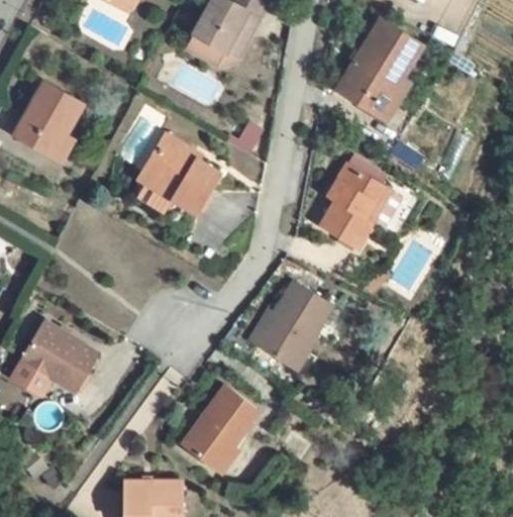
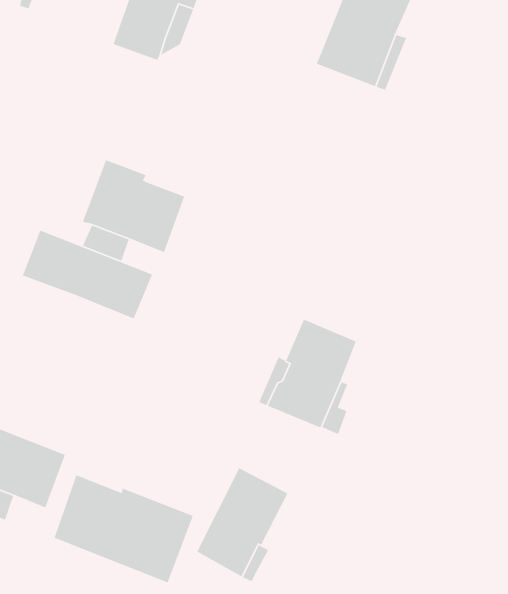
building: [320,163,402,246] -> none
building: none -> [22,230,153,319]
building: none -> [54,474,194,584]

